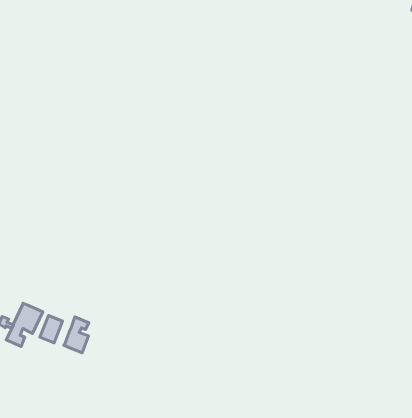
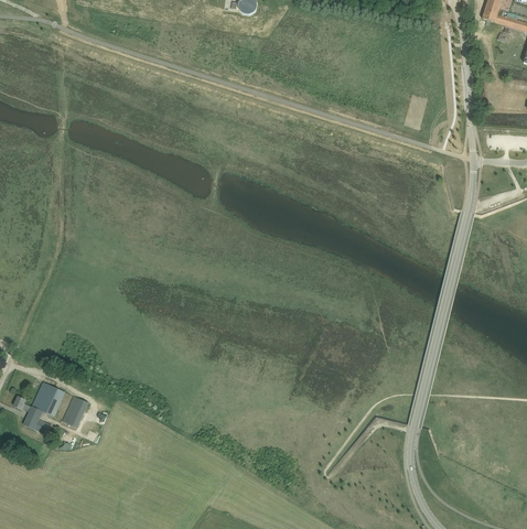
building: [64,317,89,353] -> none

